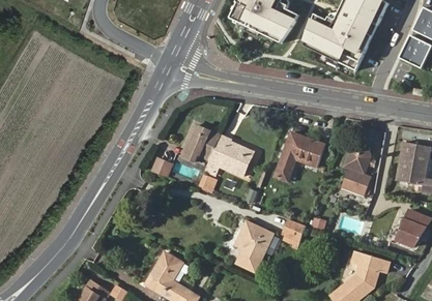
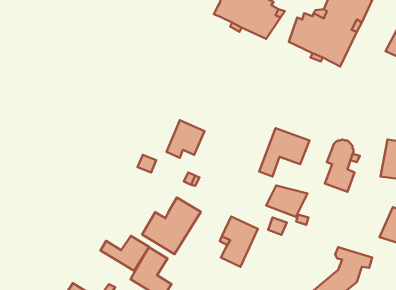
building: [203,133,253,174] -> none
building: none -> [266,186,307,217]
building: none -> [142,197,201,254]
building: none -> [100,236,149,271]

